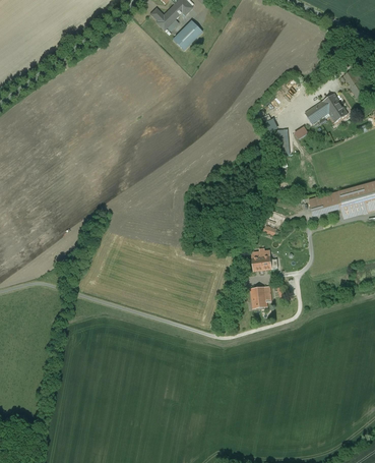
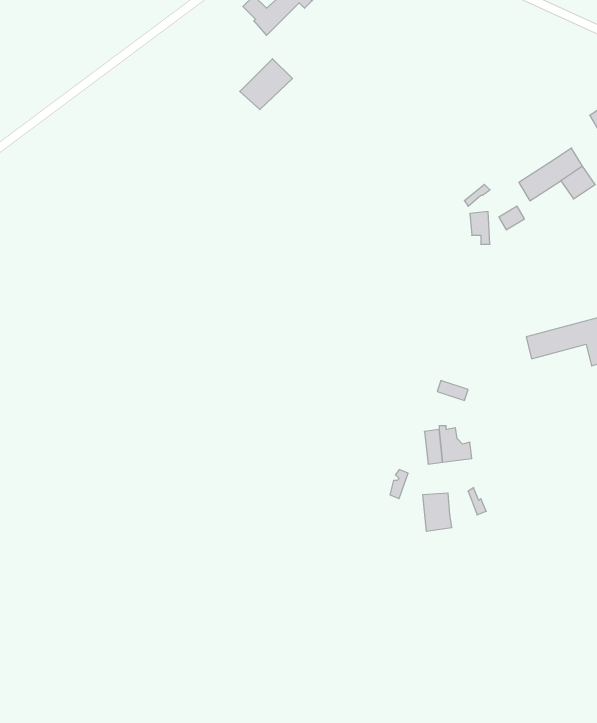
building: [173,21,202,50] -> [240,59,292,110]

